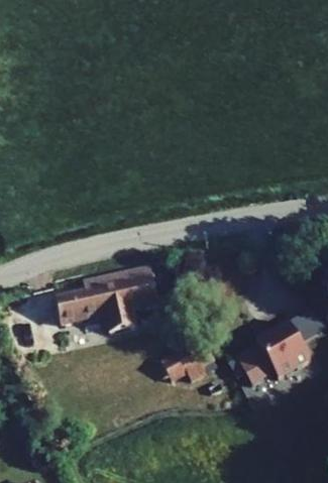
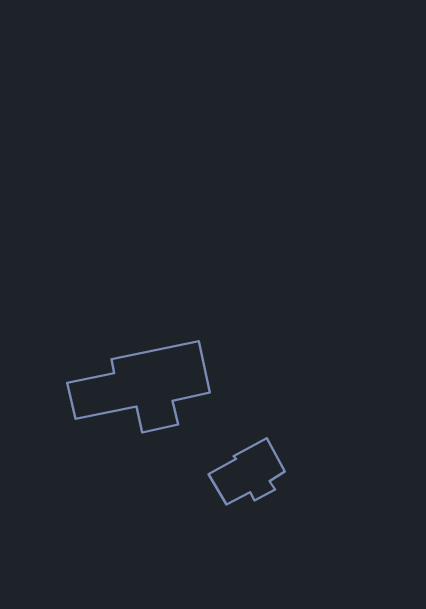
building: [239,320,314,382] -> none

